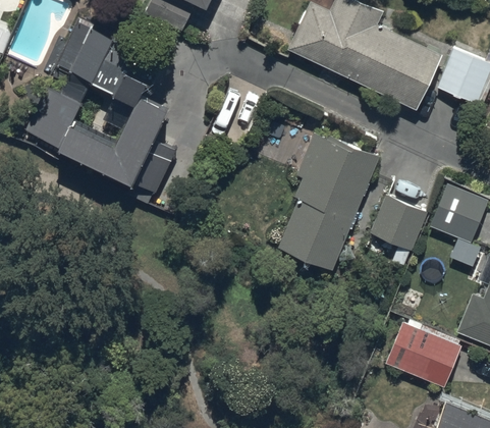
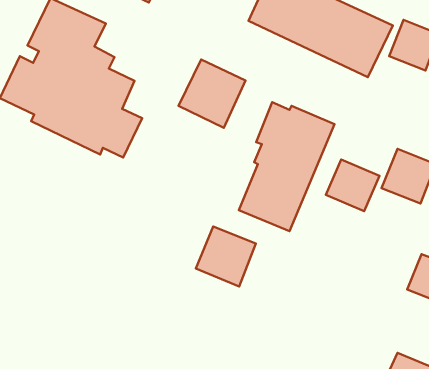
building: none -> [179,60,245,128]
building: none -> [196,226,256,286]
building: [387,322,460,385] -> none

